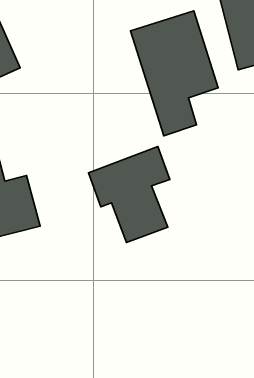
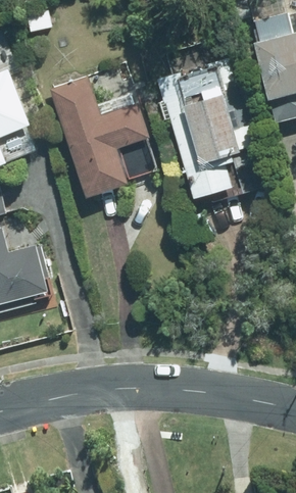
building: none -> [48,77,148,194]
building: [88,147,170,243] -> none

